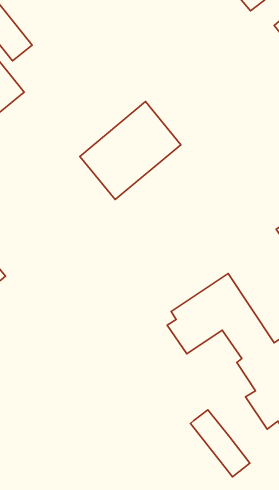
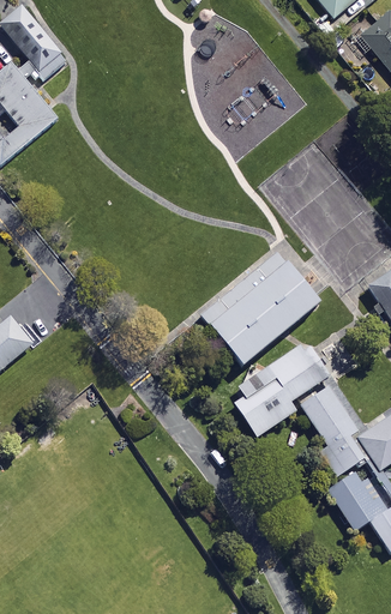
building: [80,102,181,200] -> [196,251,319,371]
building: [191,410,250,477] -> none

